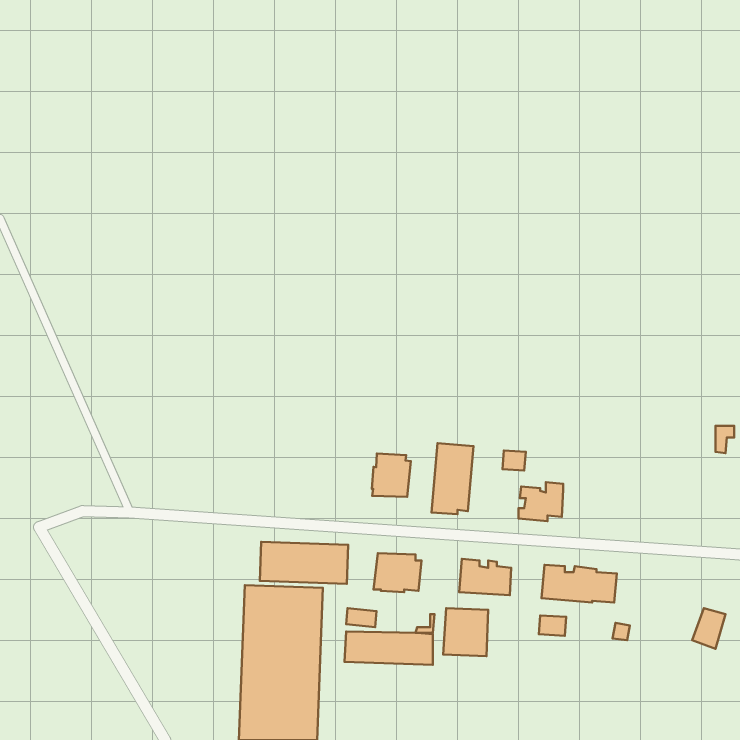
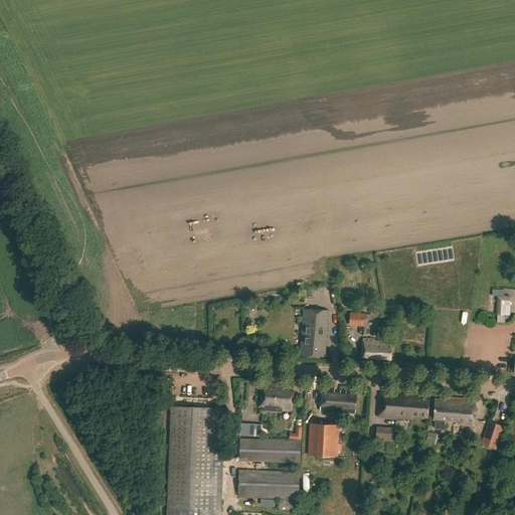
building: [372,454,411,497] -> none
building: [260,542,348,584] -> [238,470,300,499]
building: none -> [433,397,474,425]

